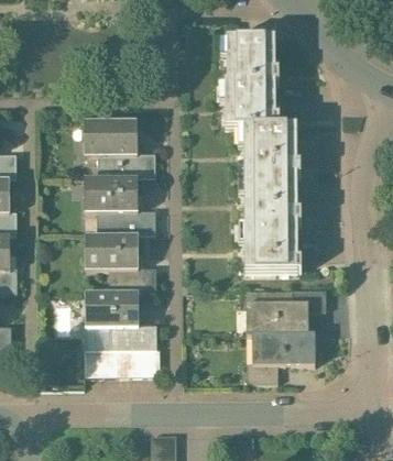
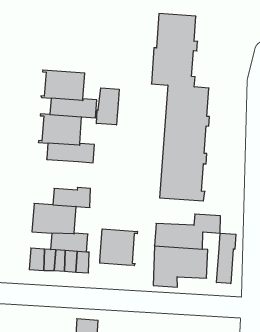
building: none -> [96,88,119,125]
building: [85,233,139,270] -> none
building: none -> [217,233,236,284]
building: none -> [100,229,137,266]

